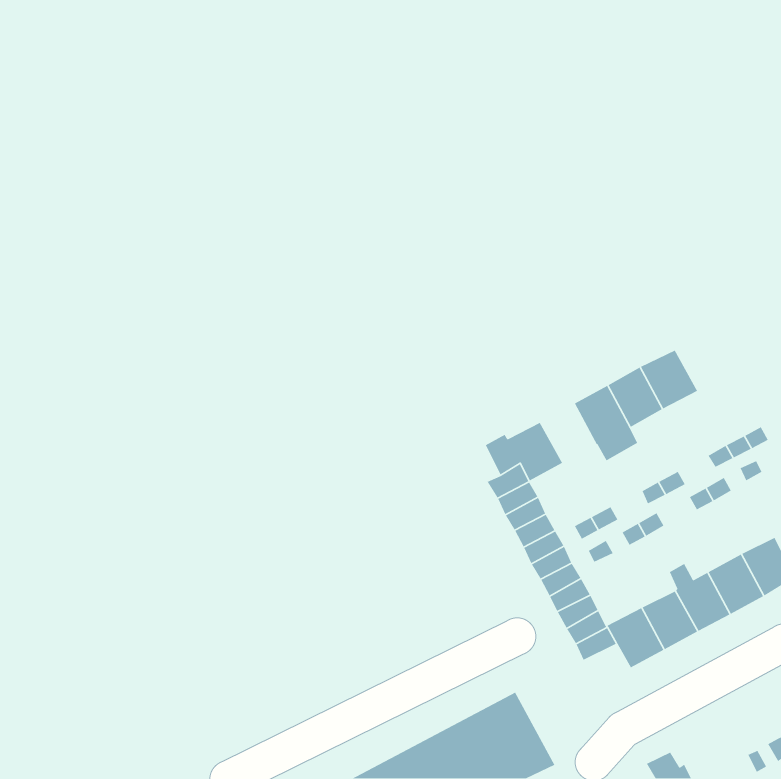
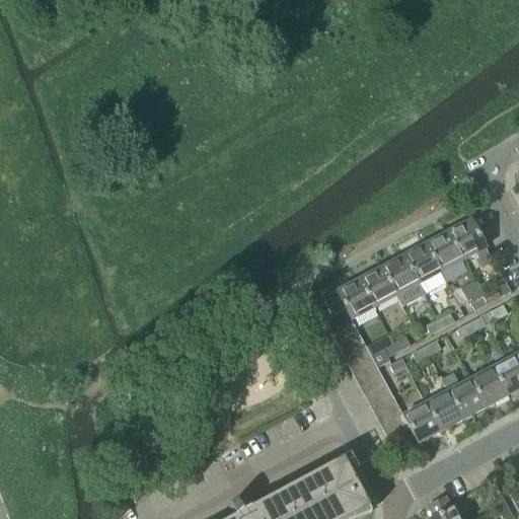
building: none -> [448,218,492,263]
building: none -> [359,267,396,306]

